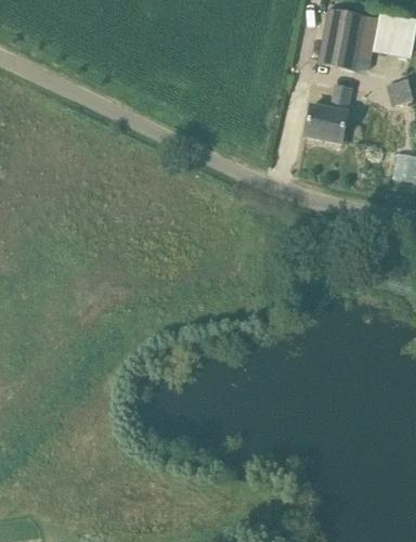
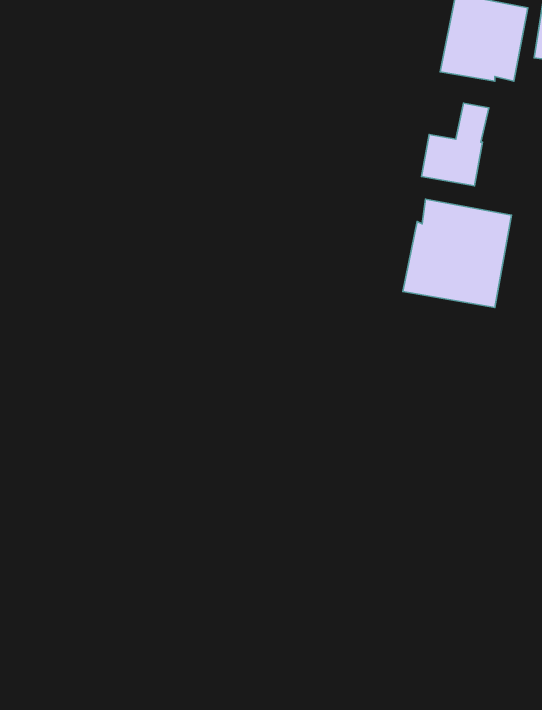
building: none -> [403,199,512,308]

